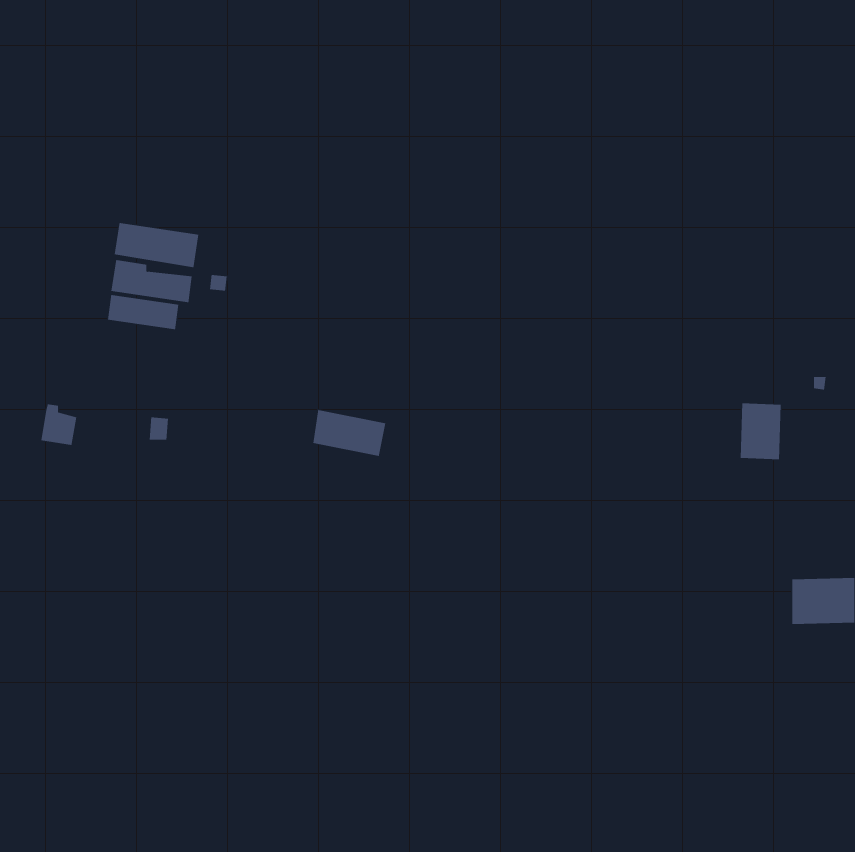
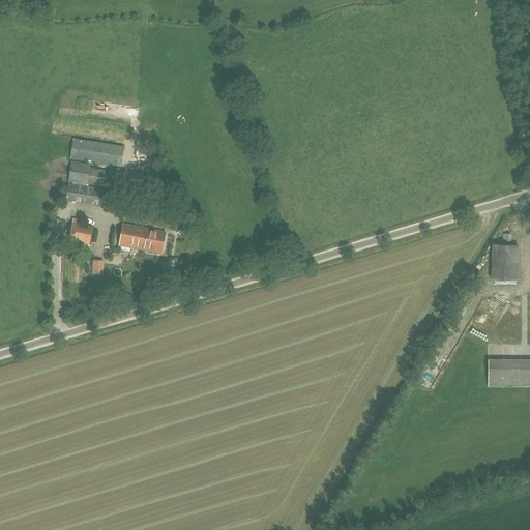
building: [740,403,782,460] -> [492,243,518,278]
building: [40,404,77,446] -> [69,217,92,243]
building: [313,410,386,457] -> [120,223,166,252]

